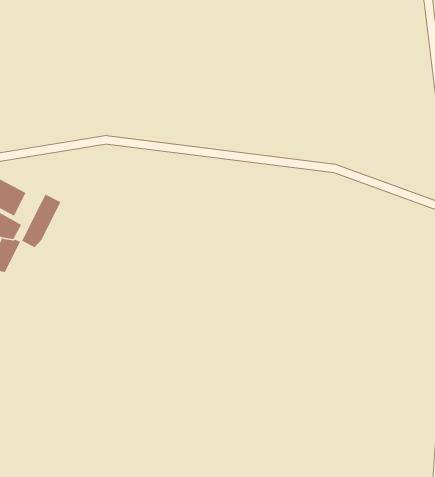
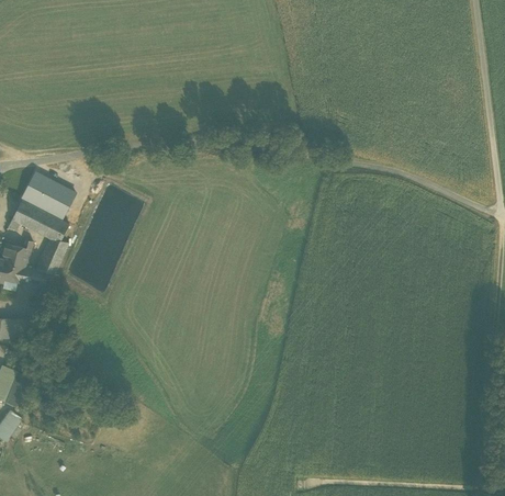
building: [21,193,61,248] -> none

